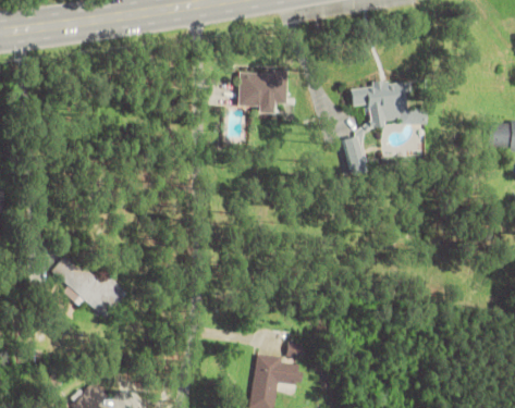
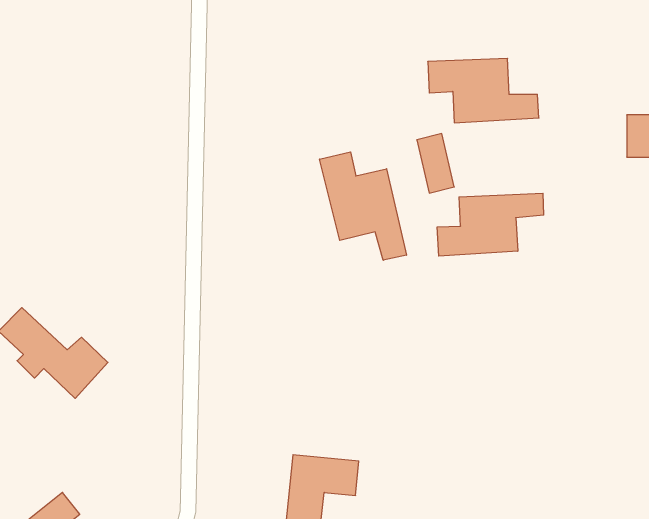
building: [237,70,287,114] -> none
building: none -> [320,152,406,260]
building: none -> [437,193,544,256]

